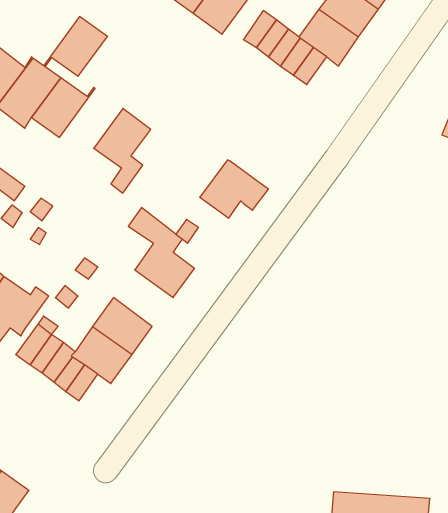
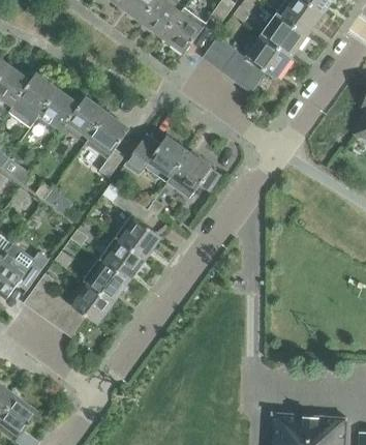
building: [44,17,107,76] -> [58,96,108,143]
building: none -> [124,132,189,181]
building: none -> [100,238,147,283]

